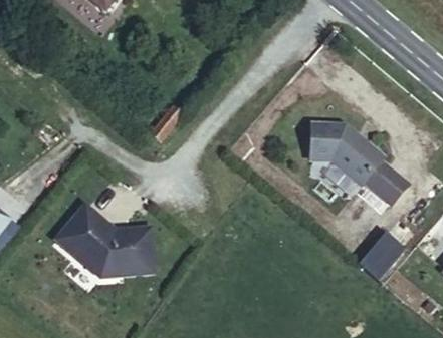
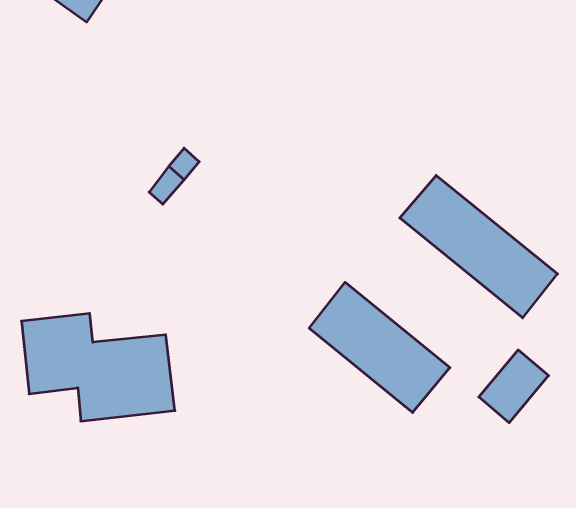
building: none -> [309,282,450,413]

